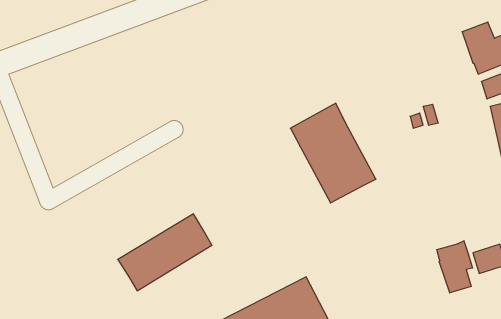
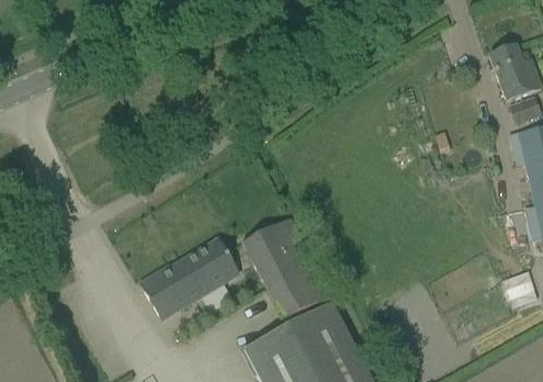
building: [290,103,376,203] -> [244,217,330,318]
building: [437,241,473,293] -> none

